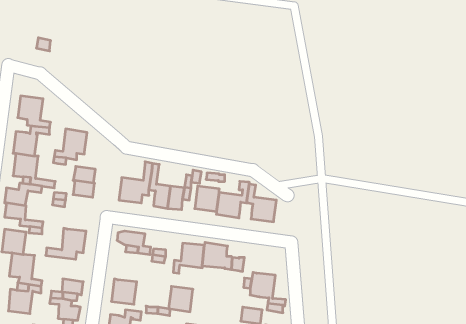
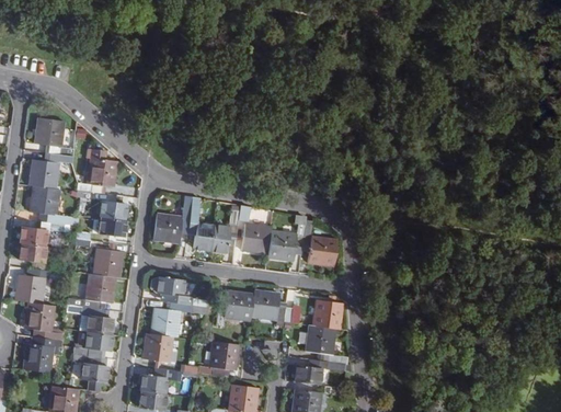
building: none -> [92,248,122,276]
building: none -> [313,299,342,329]
building: none -> [66,305,111,335]
building: none -> [151,307,180,336]

